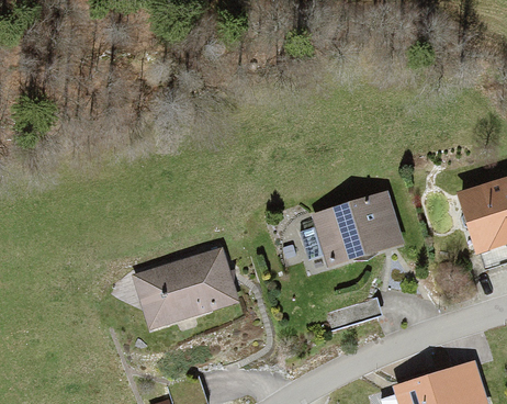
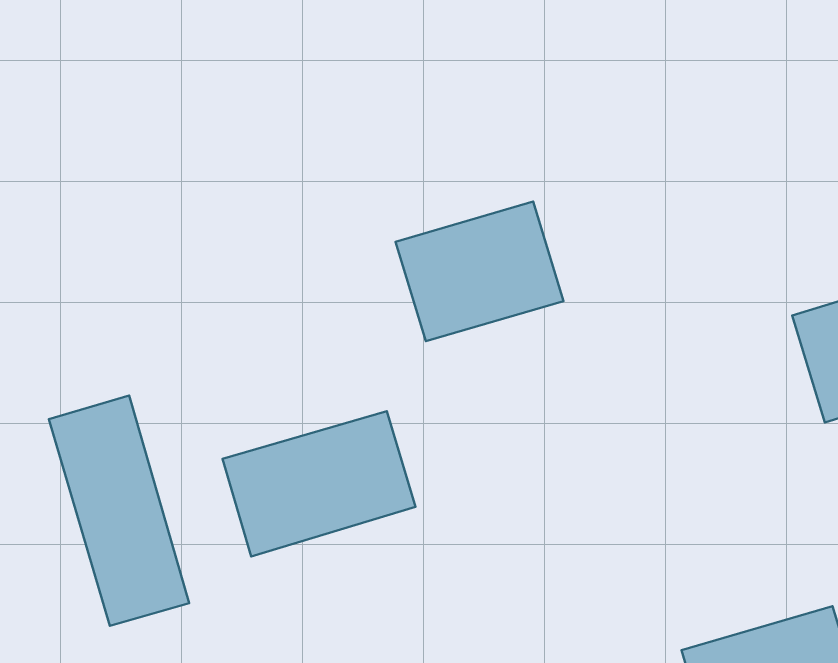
building: [307,189,404,269] -> [395,202,564,341]
building: none -> [49,396,189,626]

